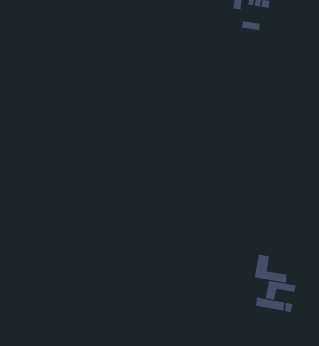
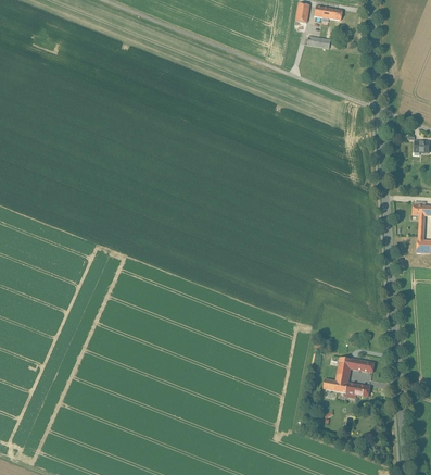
building: [254,254,287,283] -> none

